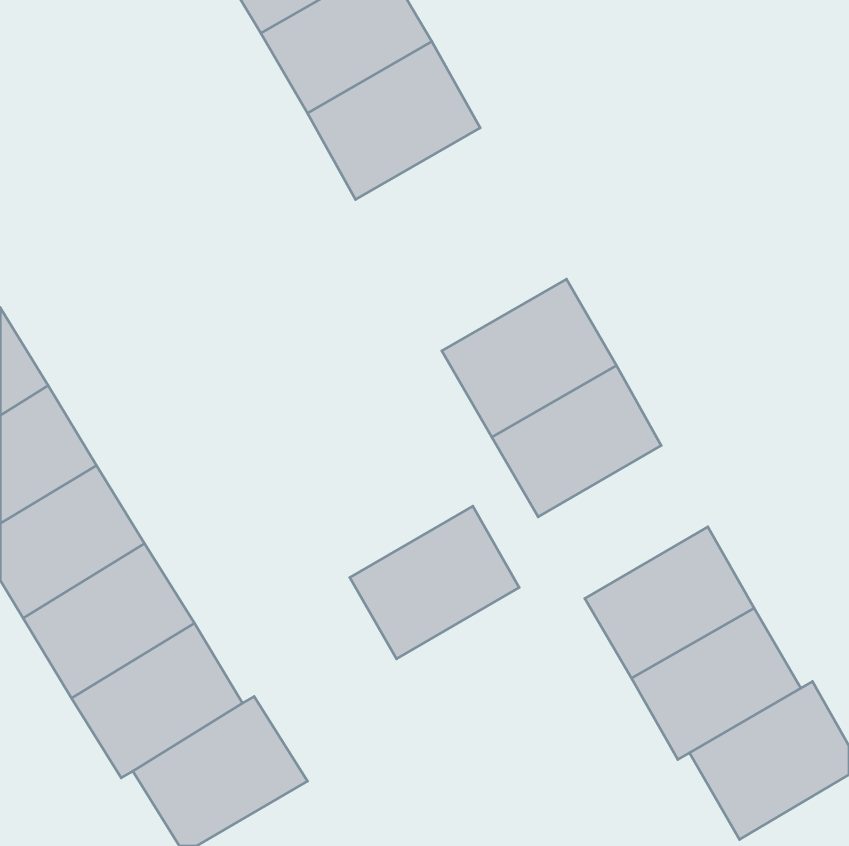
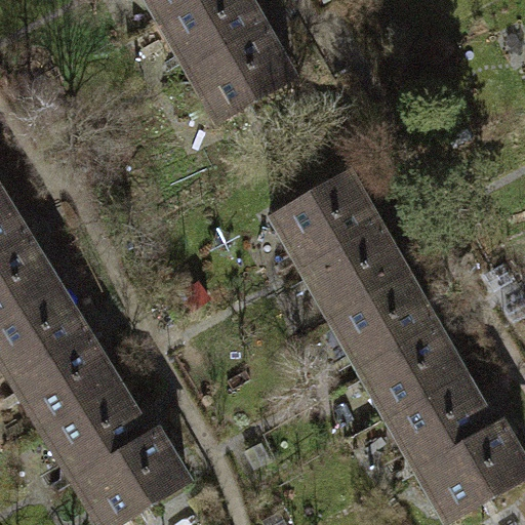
building: [350,506,519,659] -> [332,275,437,369]

